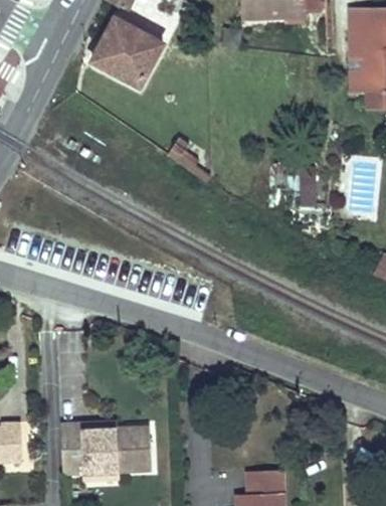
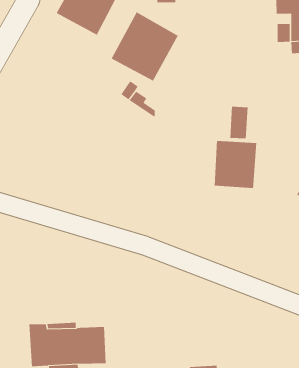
building: none -> [111,12,179,81]
building: none -> [214,140,257,189]

